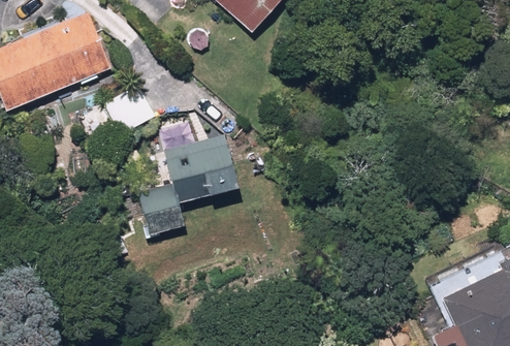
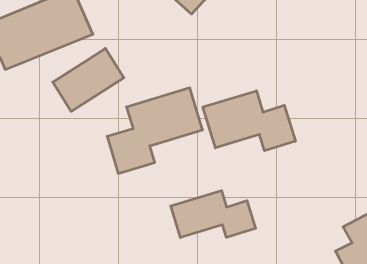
building: none -> [203,91,295,151]
building: none -> [171,191,256,238]

